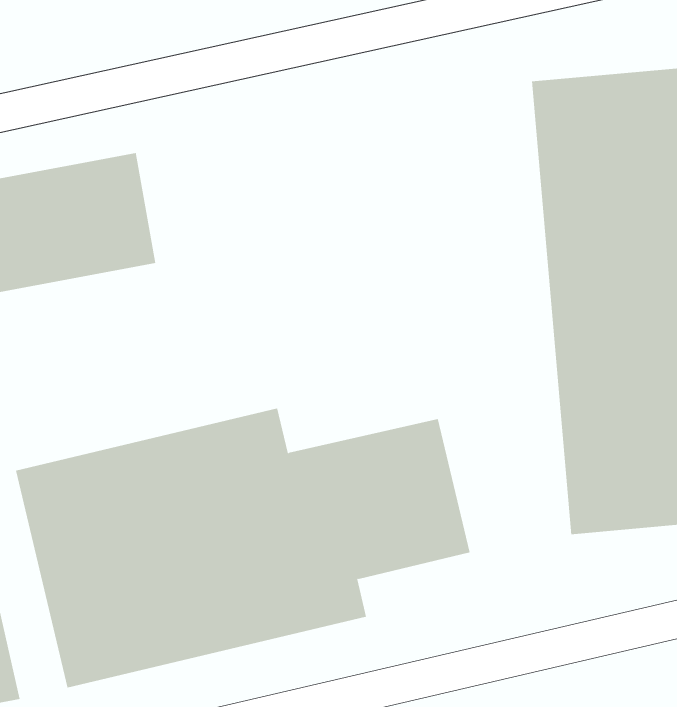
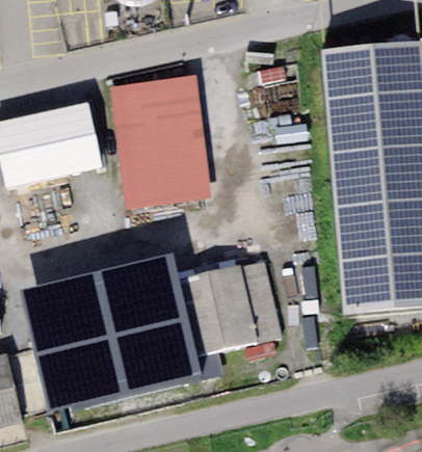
building: none -> [110,78,212,210]

